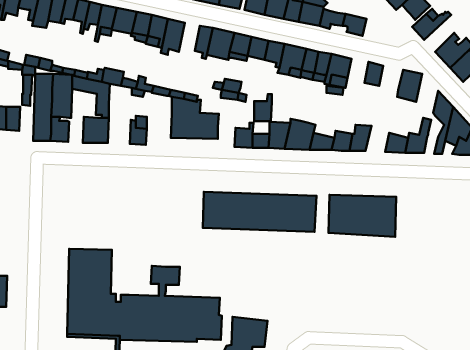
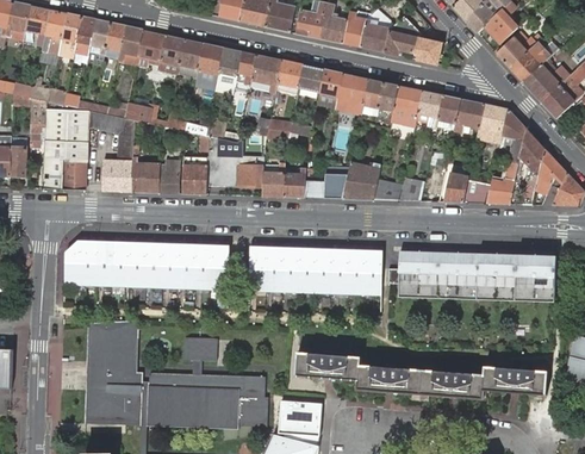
building: none -> [510,46,555,82]
building: none -> [216,48,242,91]
building: none -> [417,91,443,126]
building: none -> [454,99,485,131]
building: none -> [499,108,527,163]
building: [254,94,272,121] -> [263,163,285,195]
building: none -> [132,144,160,192]
building: none -> [182,156,209,193]
building: none -> [443,166,469,201]
building: none -> [62,242,228,294]
building: none -> [475,255,554,304]
building: none -> [295,352,547,399]

